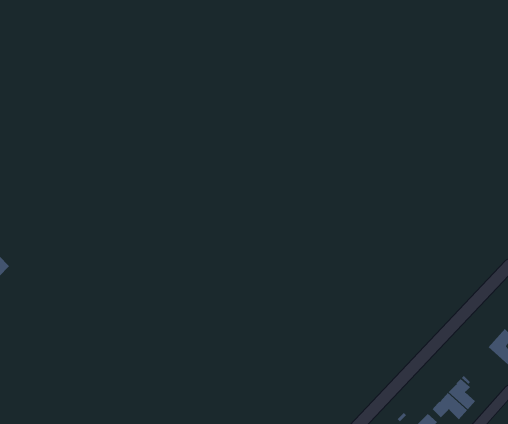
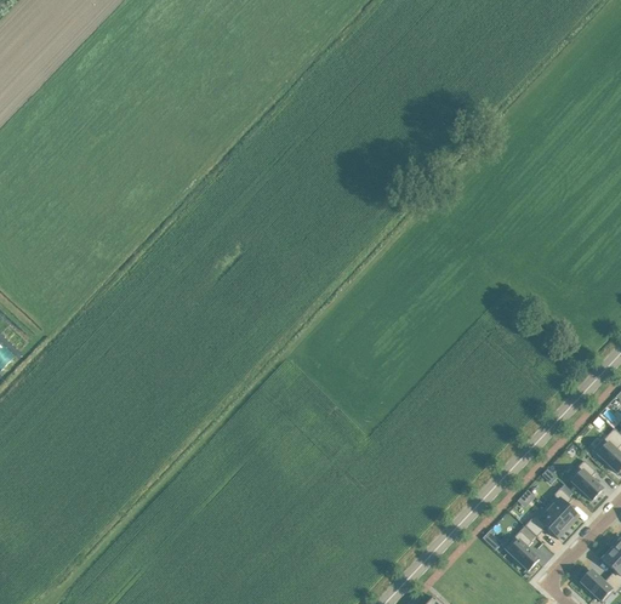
building: none -> [569,460,604,500]

